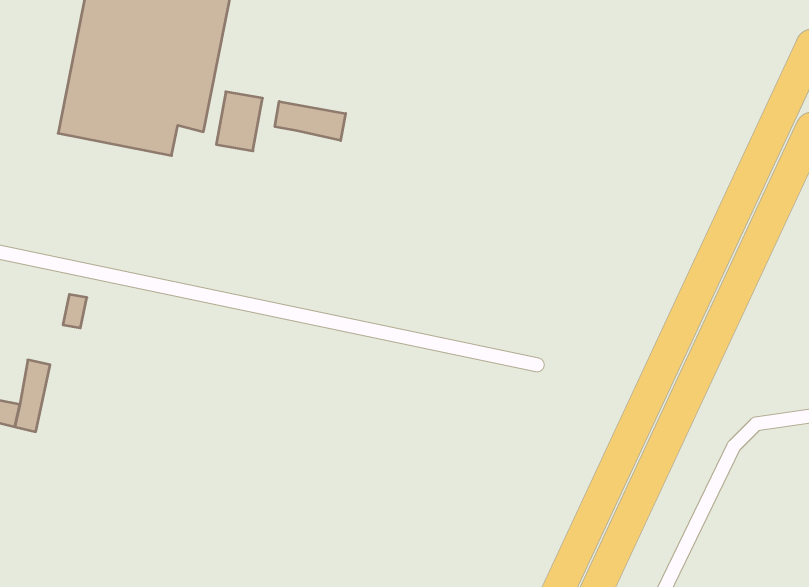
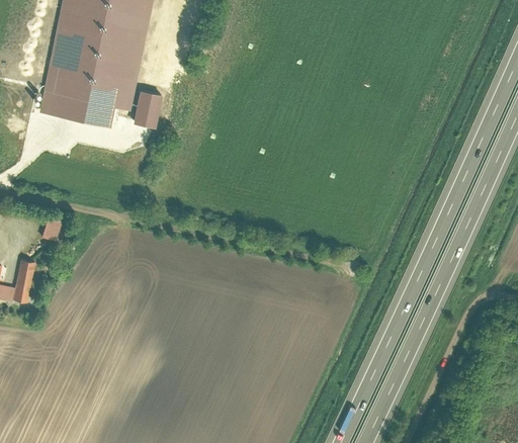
building: [275,101,346,141] -> none

